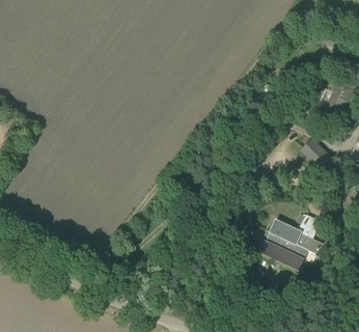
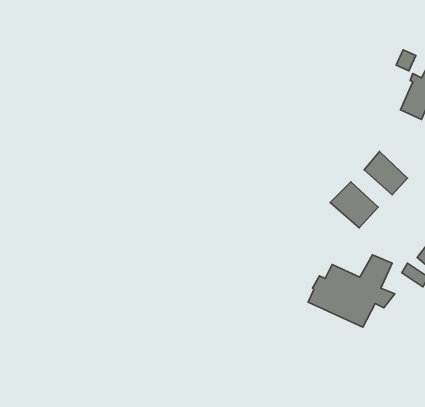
building: none -> [330,182,378,228]

